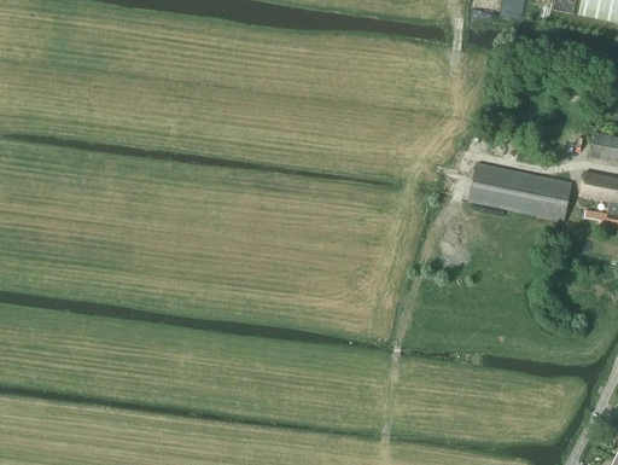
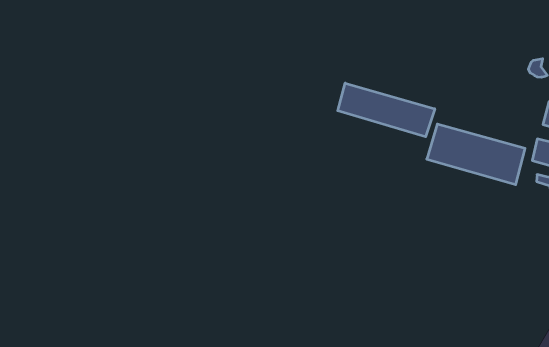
building: none -> [338,83,435,137]

